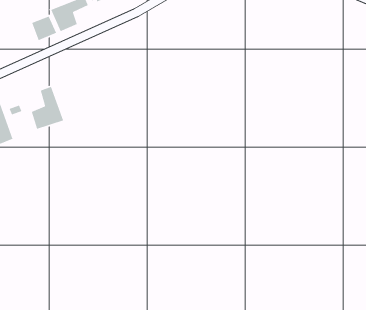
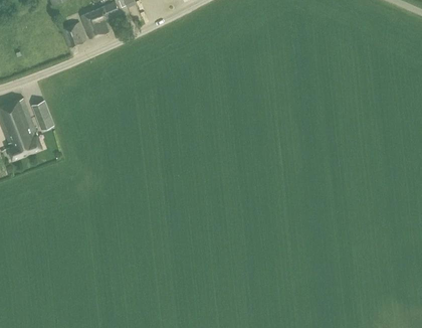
building: [31,86,64,130] -> none

